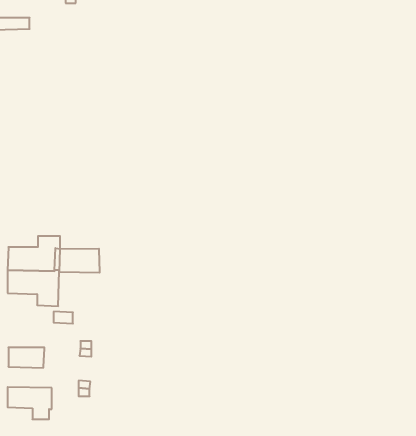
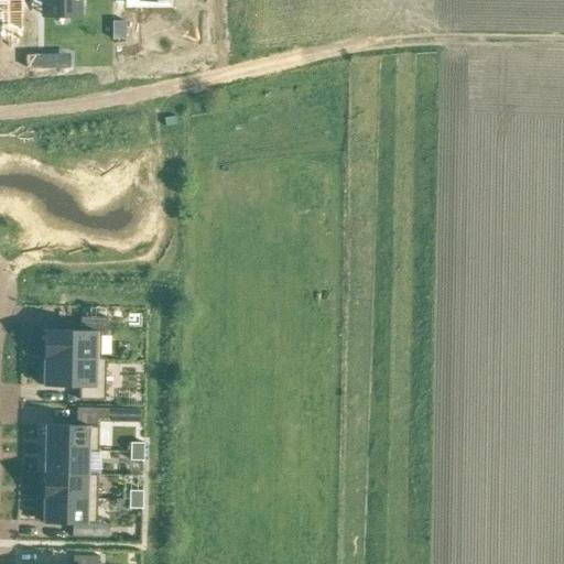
building: [60,249,100,273] -> none
building: none -> [44,424,98,452]
building: none -> [43,473,97,498]

